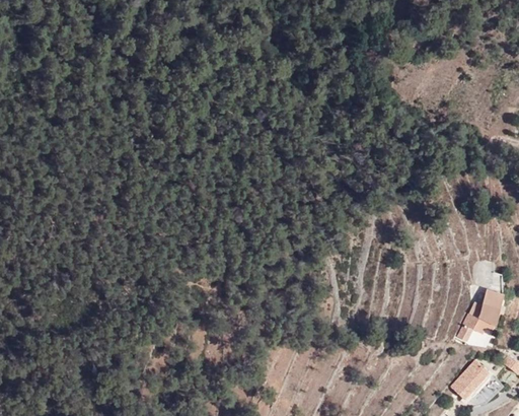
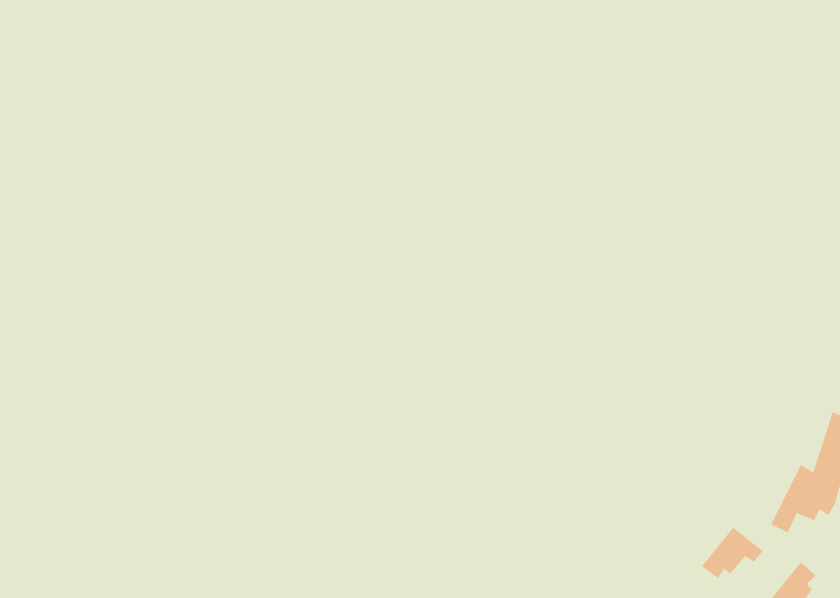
building: none -> [701,527,763,579]

